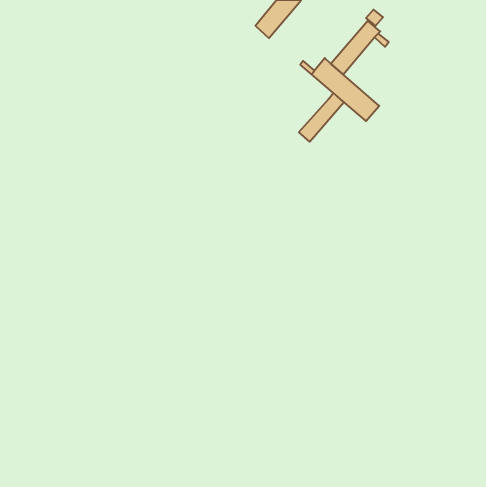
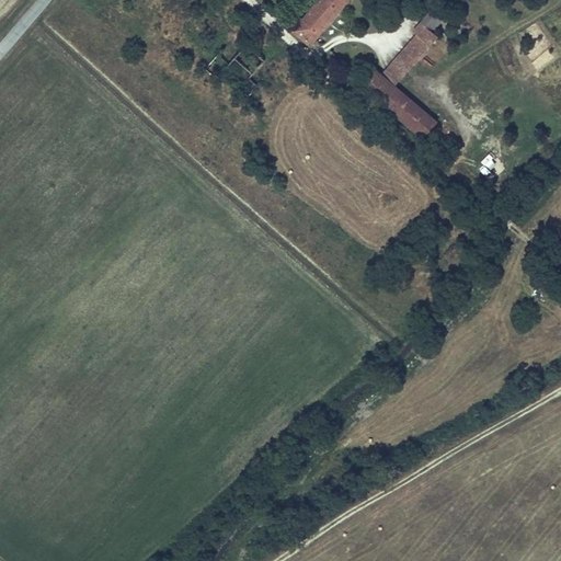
building: [299,93,344,142] -> none

